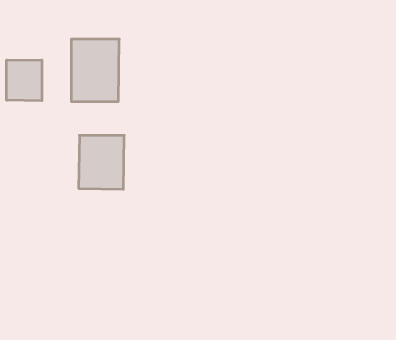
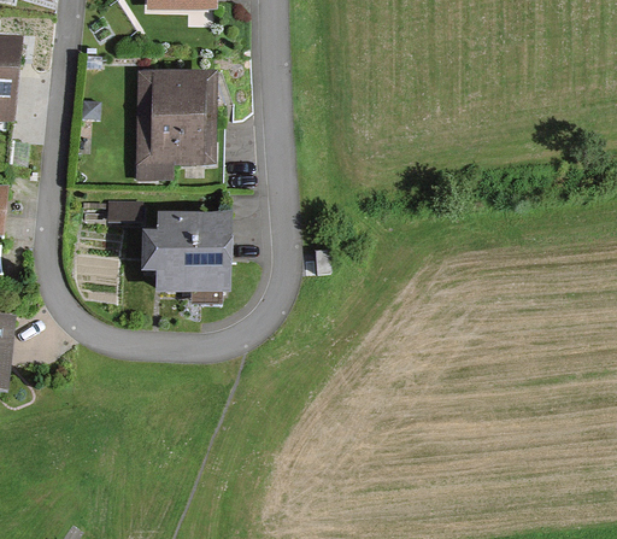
building: [7,60,42,101] -> none

